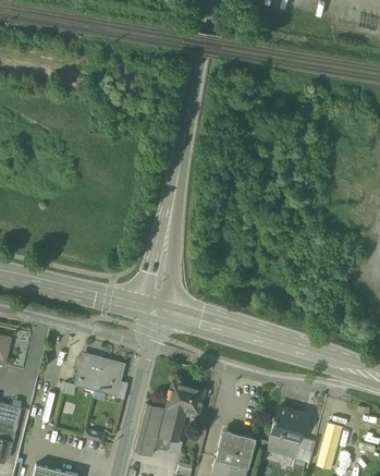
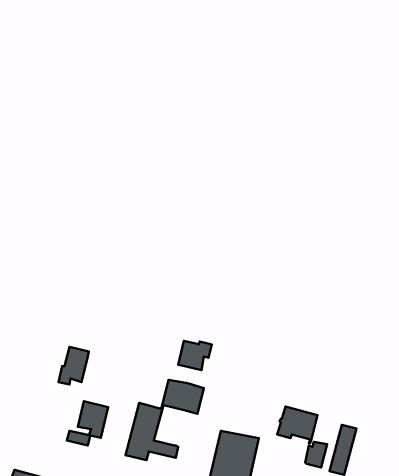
building: none -> [178,341,212,370]
building: [96,362,123,394] -> [78,401,108,438]
building: [160,405,187,441] -> none
building: [266,431,303,456] -> none

